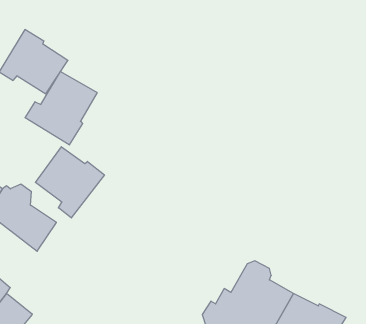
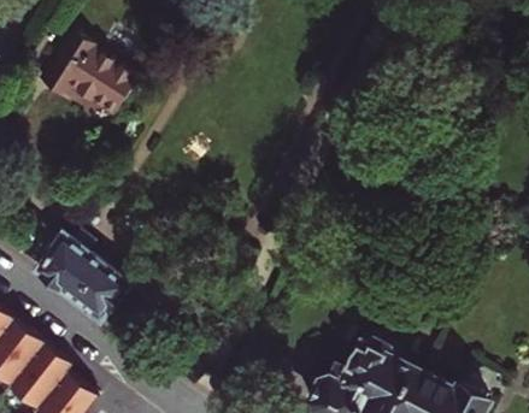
building: [25,72,97,145] -> none
building: [35,147,104,218] -> none

